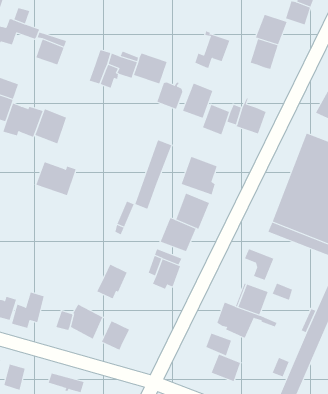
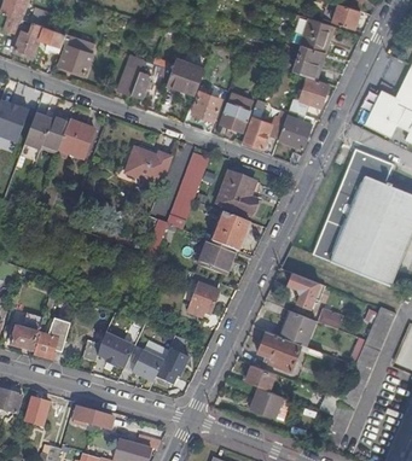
building: [195,31,230,68] -> [290,74,329,115]
building: [35,161,76,196] -> [126,148,170,186]
building: [96,264,127,299] -> [155,348,188,386]

